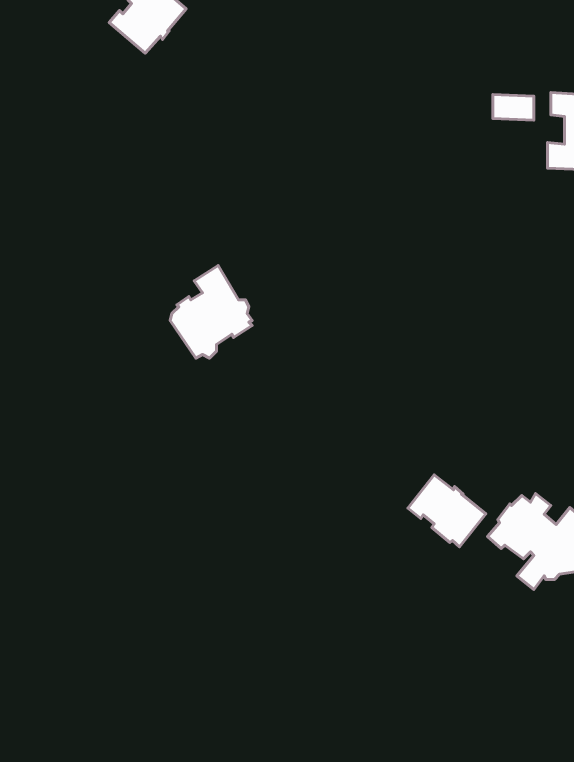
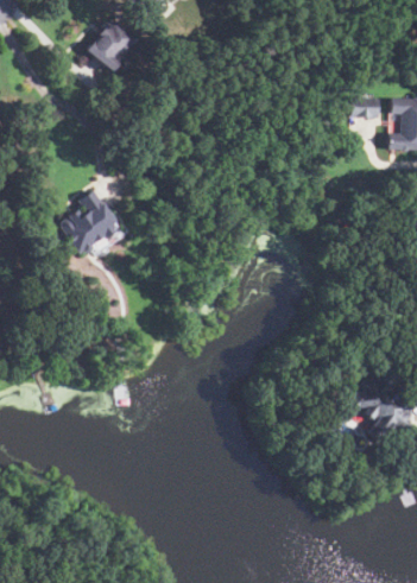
building: [170,266,252,358] -> [59,190,116,254]
building: [408,475,486,547] -> none

